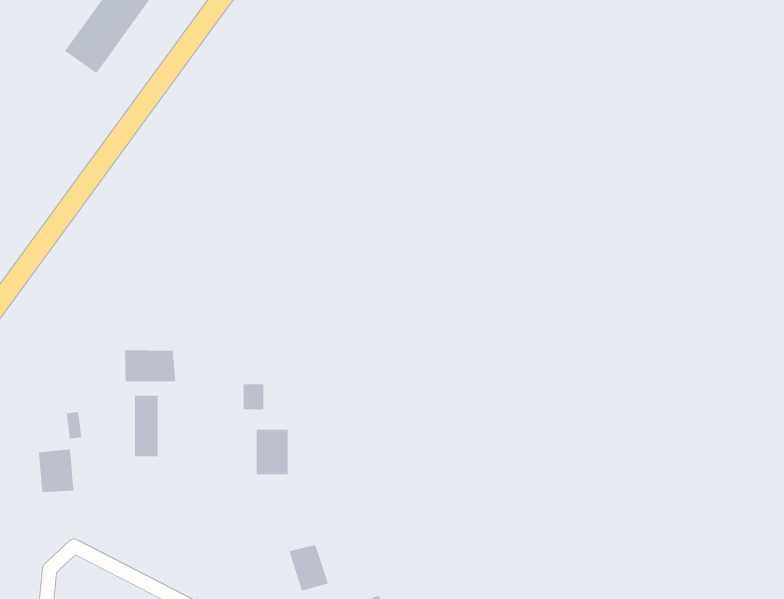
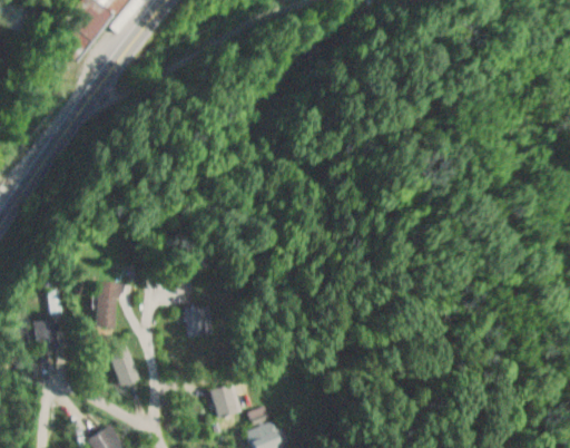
building: [124,349,176,382] -> none
building: none -> [110,350,138,386]

